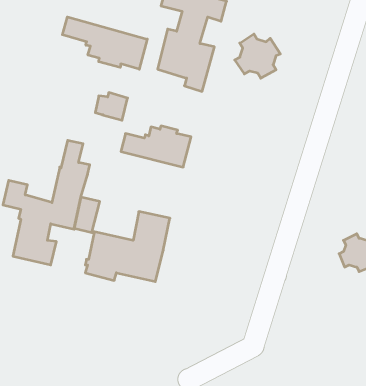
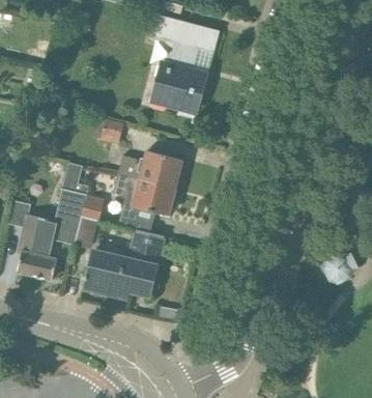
building: [62,17,147,69] -> none
building: [235,34,280,78] -> none
building: none -> [114,173,176,219]

